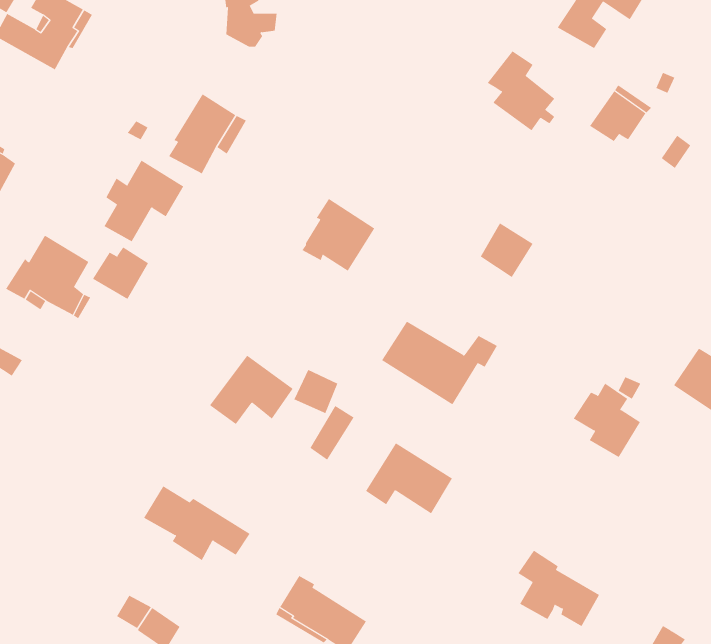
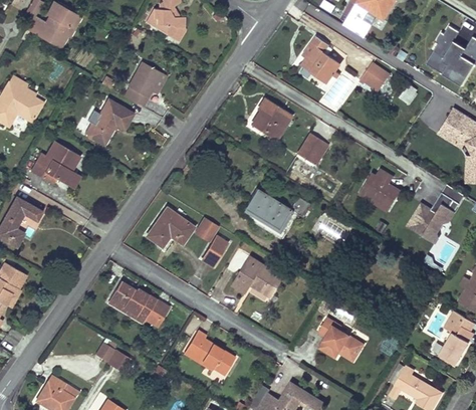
building: [302,198,375,272] -> [250,98,291,140]
building: [92,247,149,300] -> none
building: [573,383,641,458] -> [362,169,400,211]

